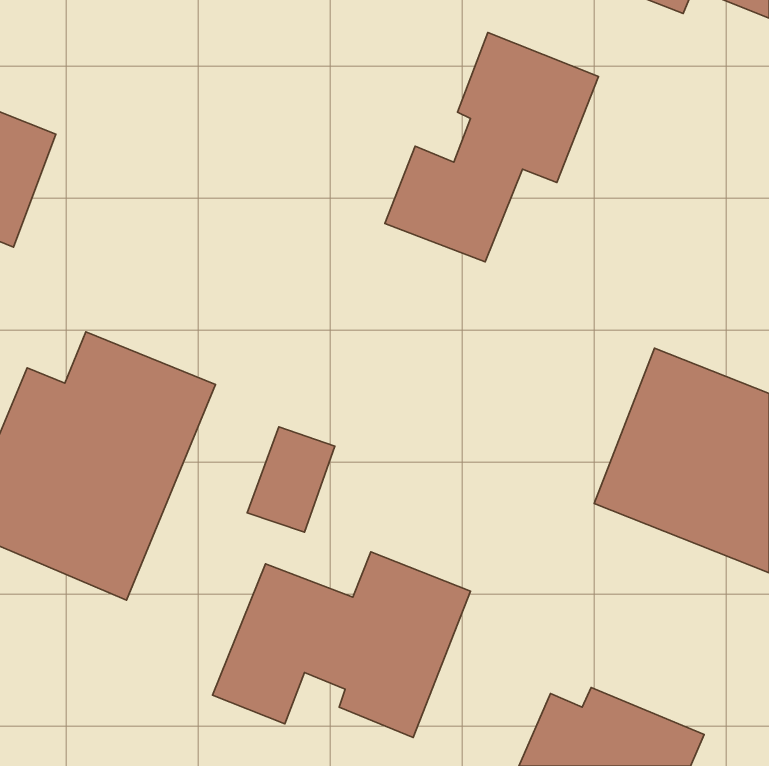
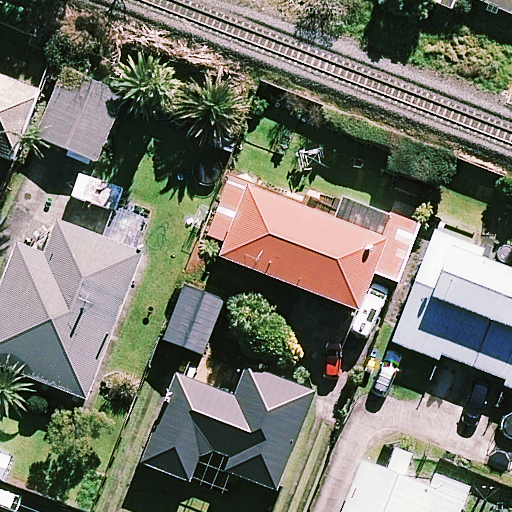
building: [385,33,599,262] -> none
building: none -> [36,68,124,160]
building: none -> [222,186,393,310]

